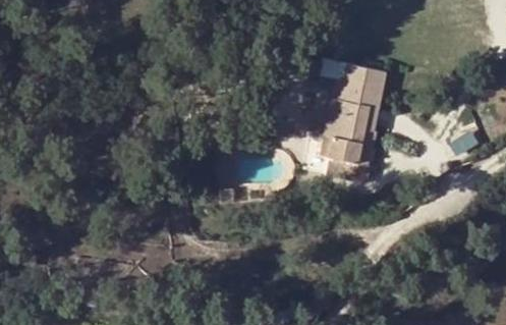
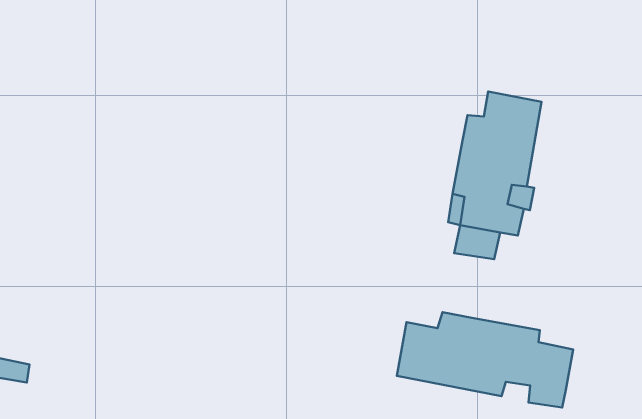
building: none -> [397,312,573,408]

